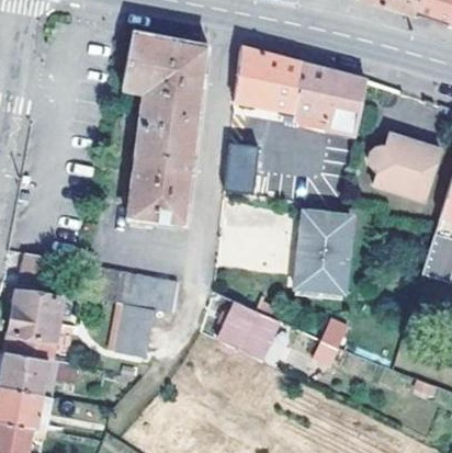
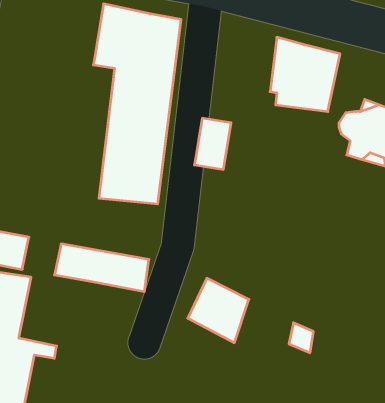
building: [235,46,303,116] -> none
building: [293,212,352,294] -> none
building: [113,304,155,358] -> none

